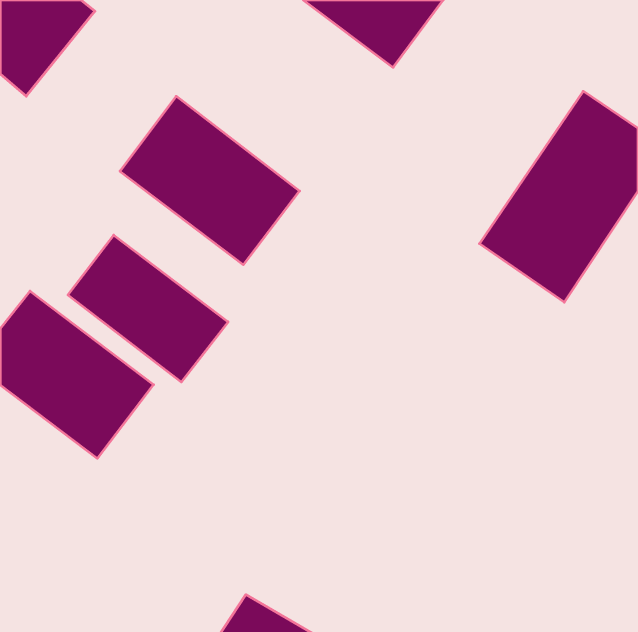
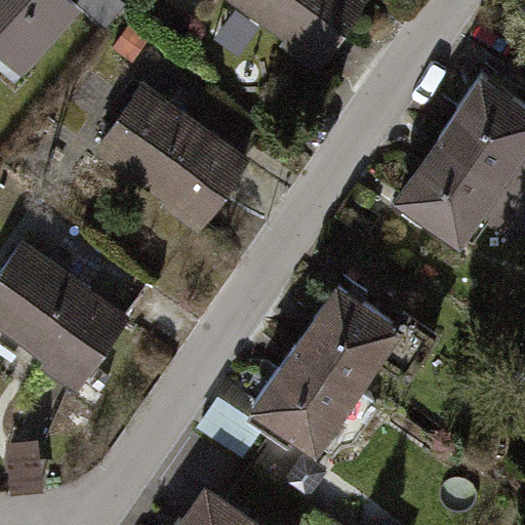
building: [68,235,228,382] -> none
building: none -> [245,285,395,457]

